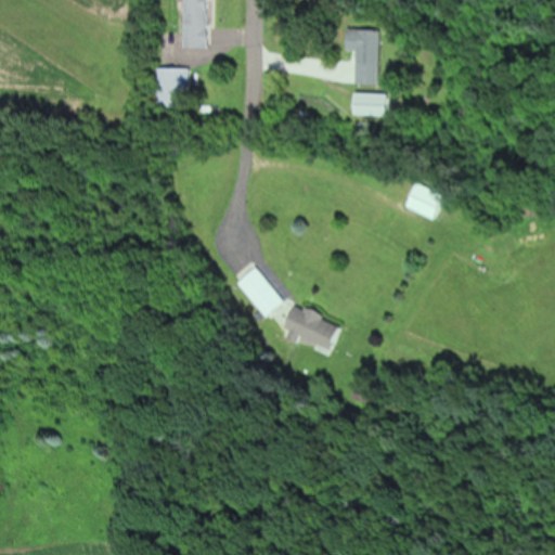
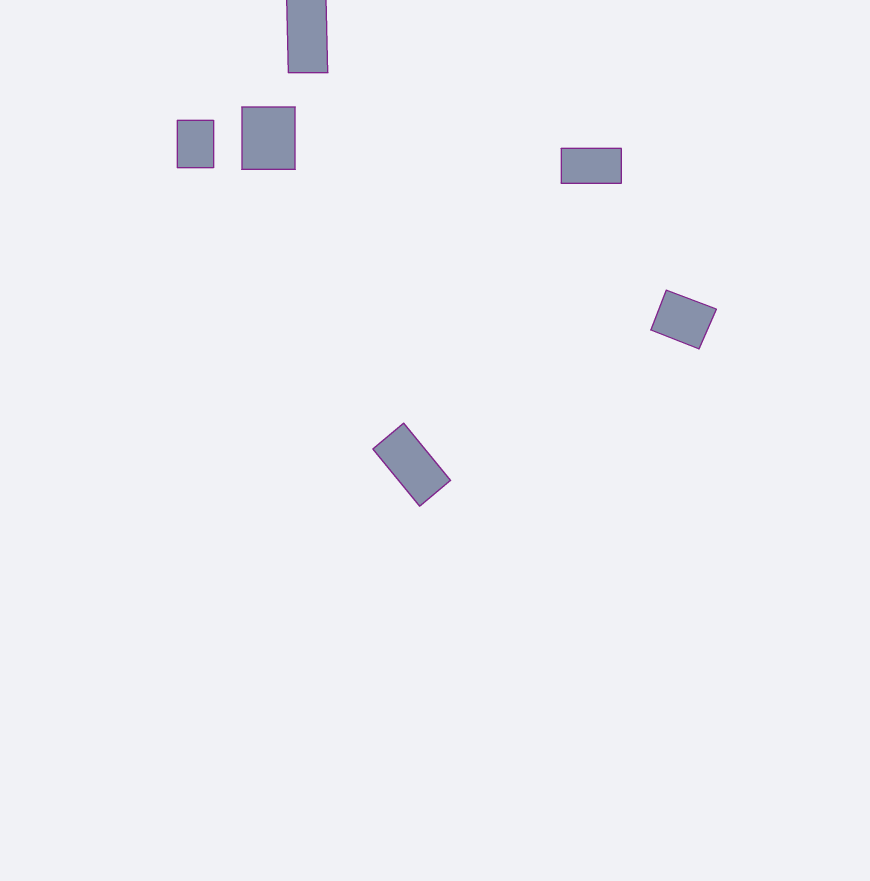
building: [346,28,379,85] -> none
building: none -> [177,120,213,168]
building: [276,301,343,351] -> none

